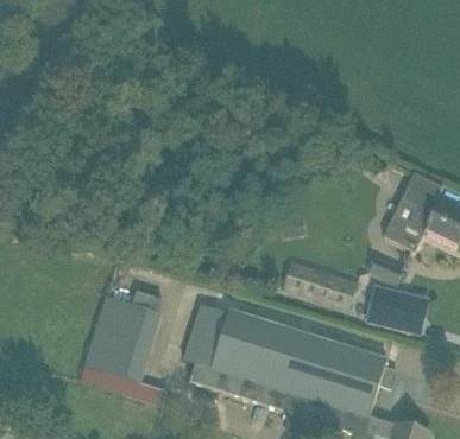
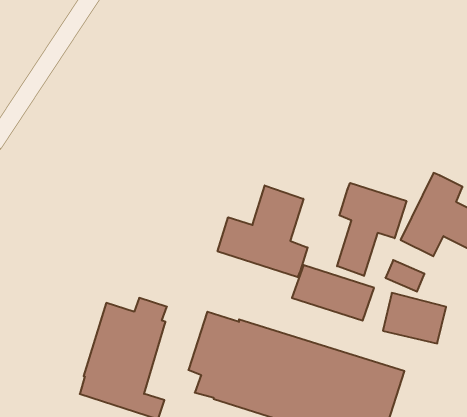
building: none -> [337,183,406,276]
building: none -> [218,185,308,277]

